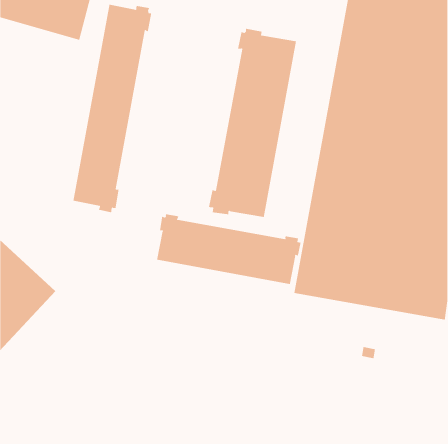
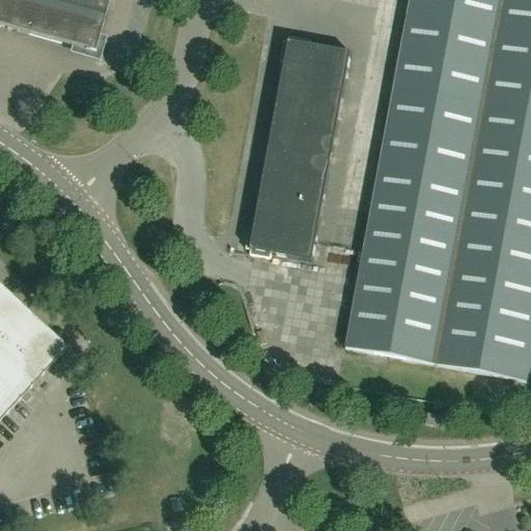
building: [73,4,152,213] -> none
building: [157,214,301,285] -> none

